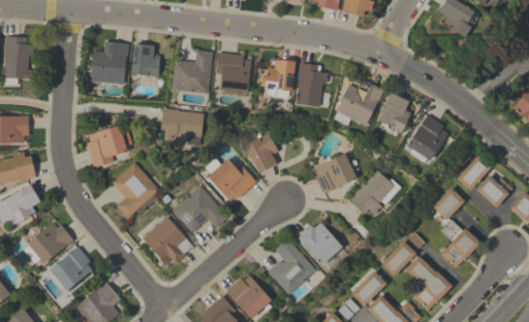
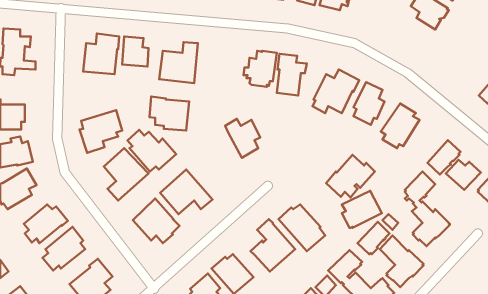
building: [216,52,252,97] -> none
building: [315,153,357,192] -> [342,191,382,228]
building: [206,156,257,200] -> [128,130,176,172]

